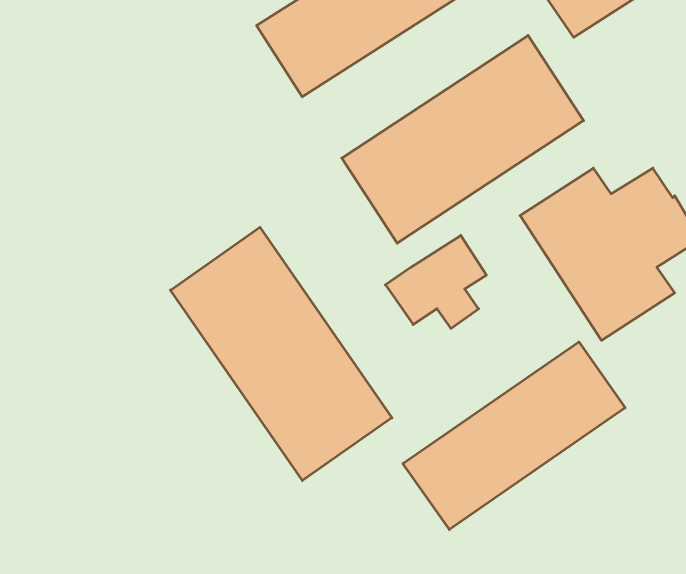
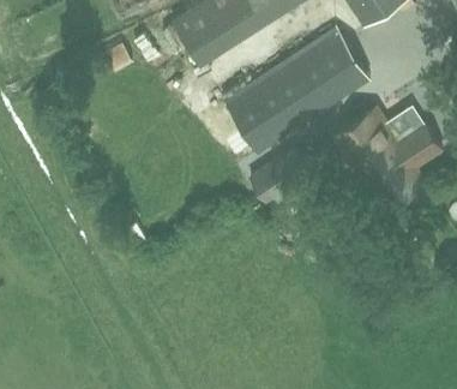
building: [170,227,392,481] -> none
building: [403,342,625,530] -> none

